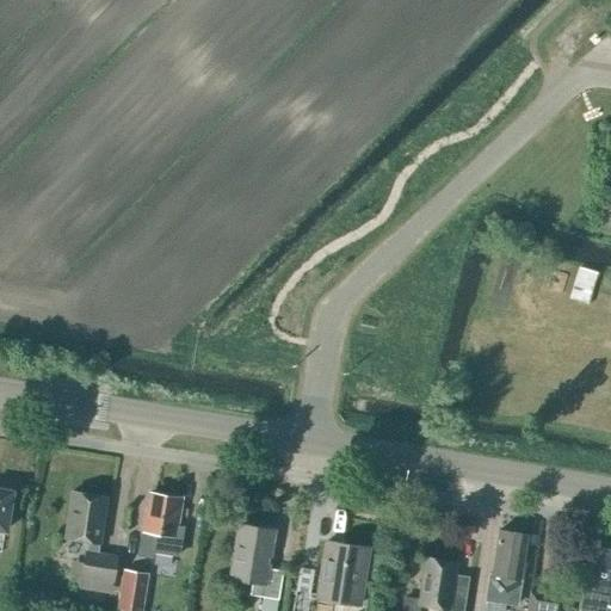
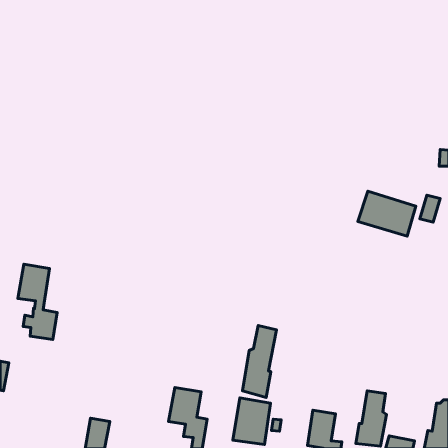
building: none -> [358,191,416,236]
building: none -> [243,325,276,397]
building: [64,493,118,595] -> [18,264,57,340]
building: [138,495,186,560] -> none

